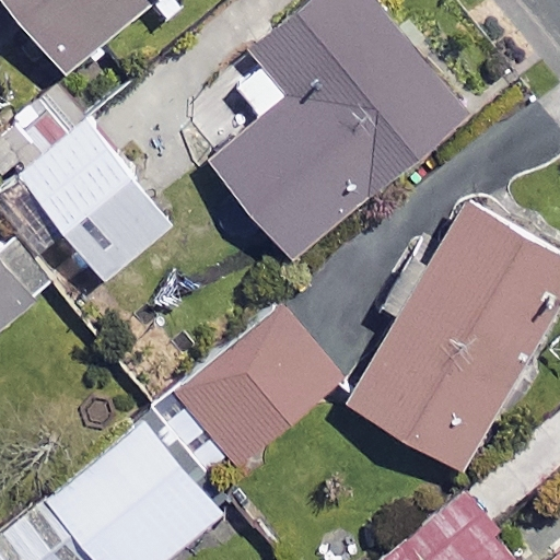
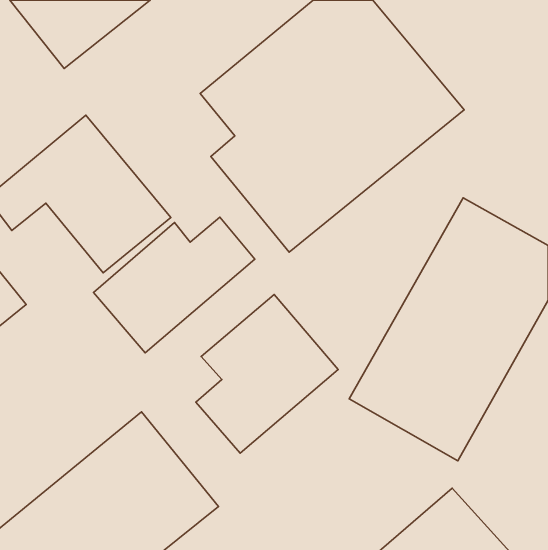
building: none -> [93,217,255,353]

